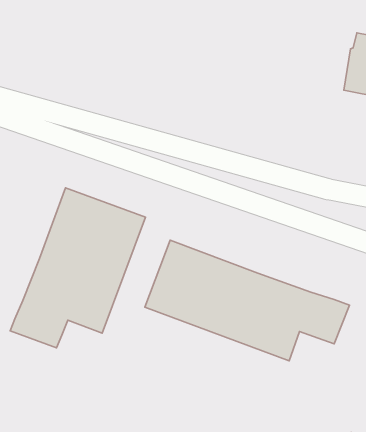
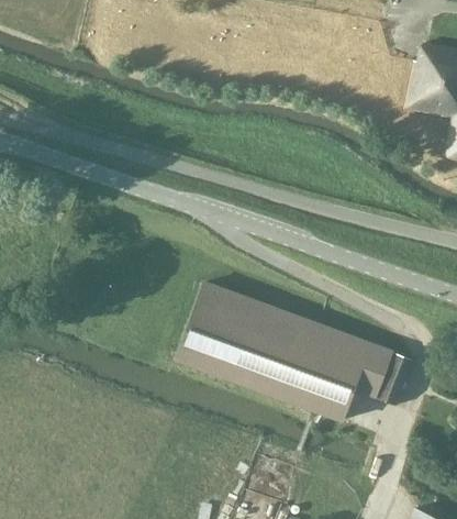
building: [10,188,146,348] -> none

